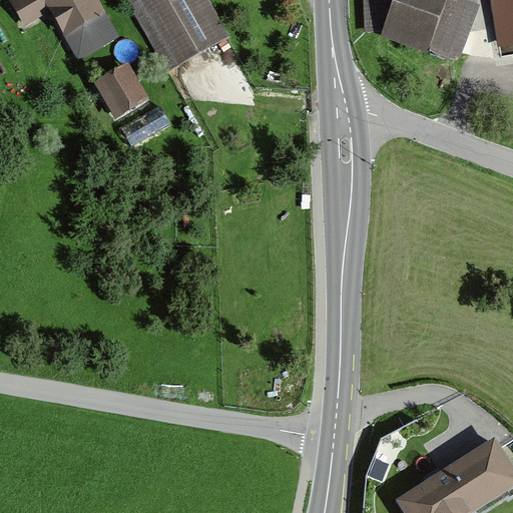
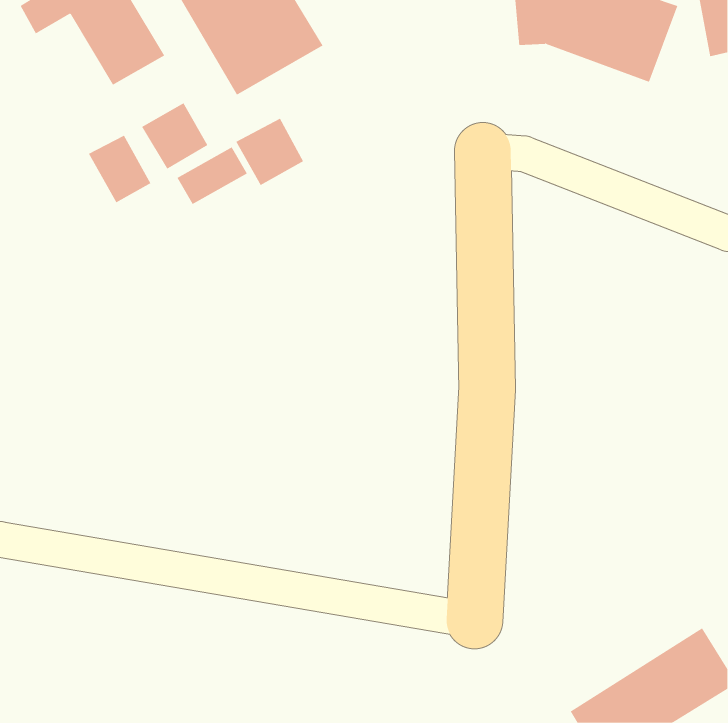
building: none -> [236,118,304,186]
building: none -> [88,135,151,203]

